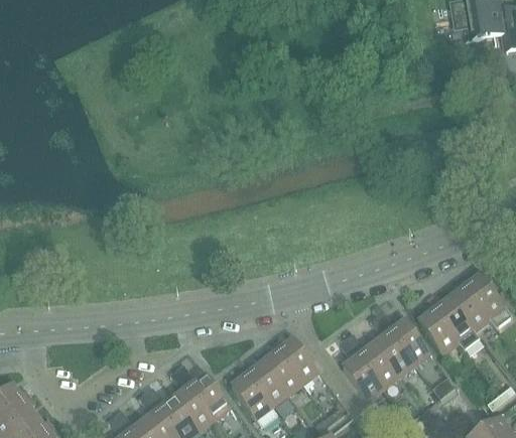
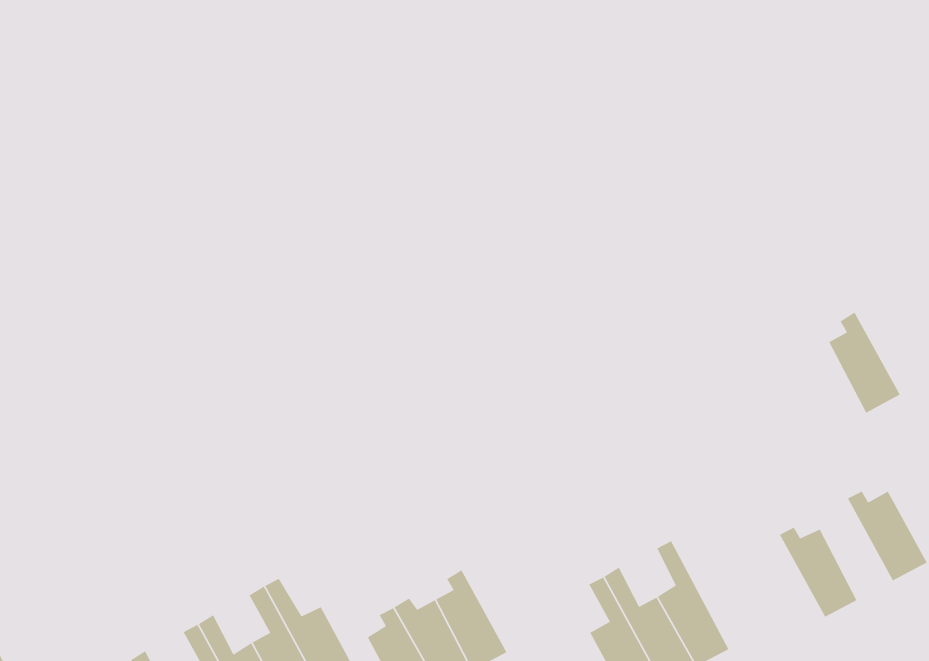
building: [450,284,491,334] -> [828,312,901,414]
building: [418,307,460,357] -> none
building: [377,312,430,369] -> none
building: [274,341,319,387] -> none

